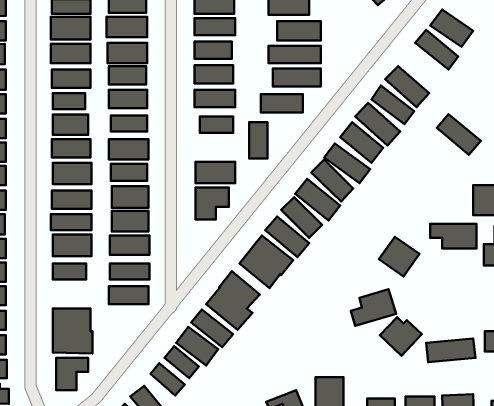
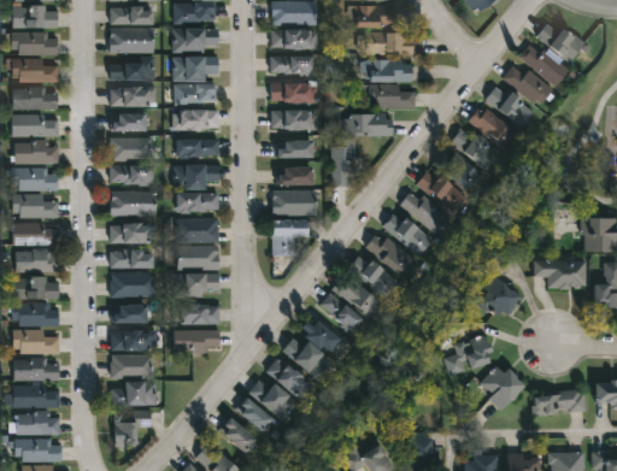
building: [437,114,481,155] -> [501,61,551,107]
building: none -> [276,166,313,186]
building: none -> [111,330,153,351]

